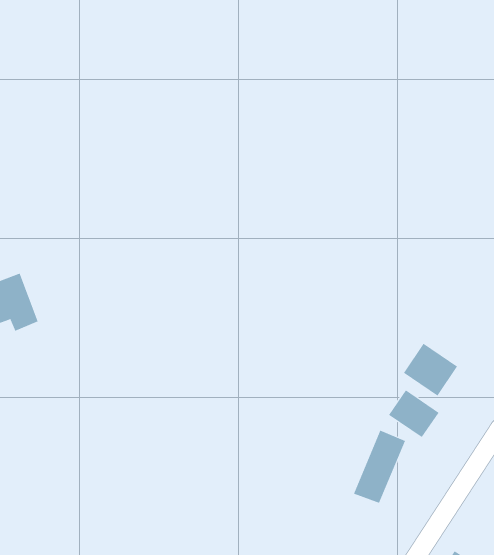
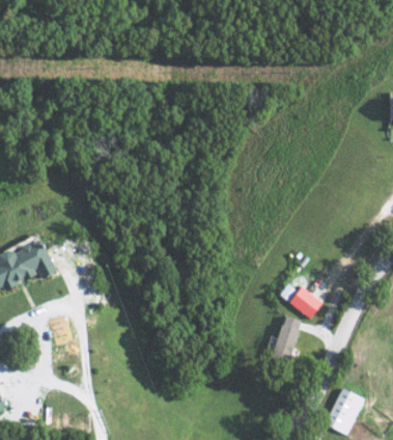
building: [403,343,458,396] -> none

